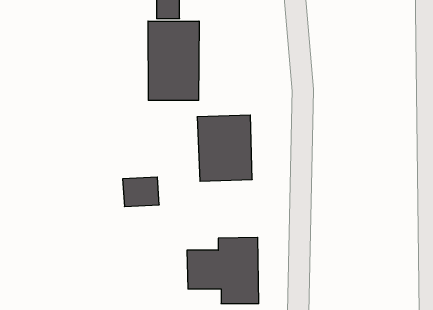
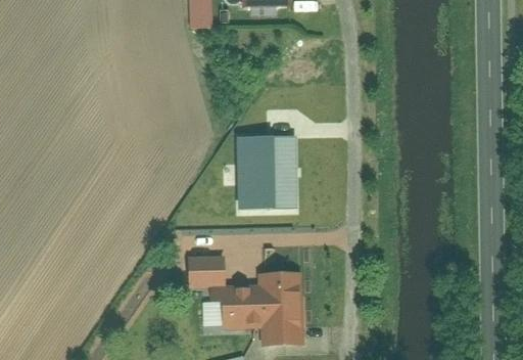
building: [148,21,199,100] -> none
building: [123,177,159,207] -> [188,255,229,287]

